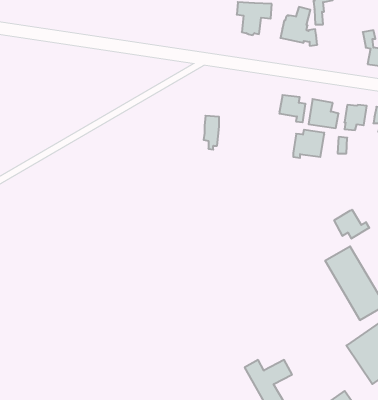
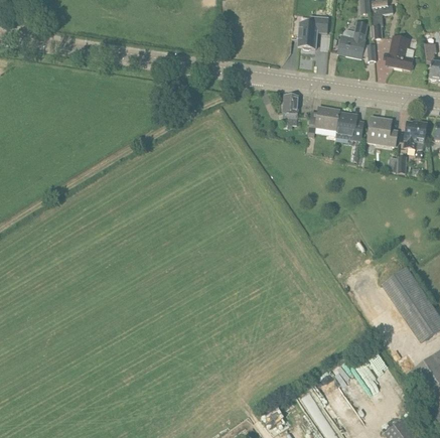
building: none -> [386,36,412,68]
building: [204,116,219,150] -> [282,93,298,128]
building: [293,130,324,158] -> [307,106,339,135]
building: [334,210,369,239] -> none

